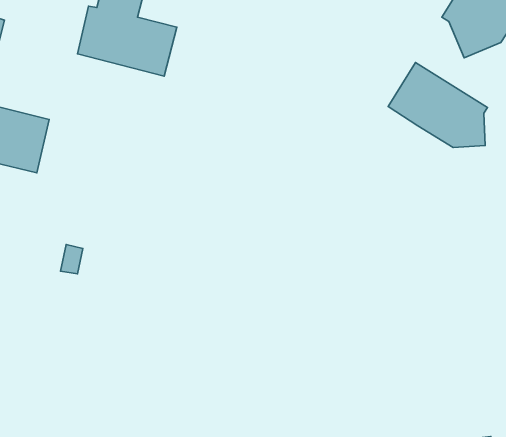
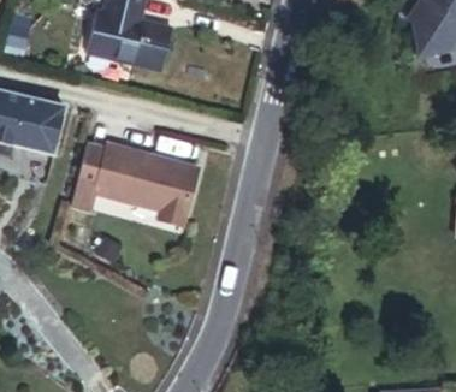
building: [388,63,487,147] -> none
building: none -> [94,148,197,228]

